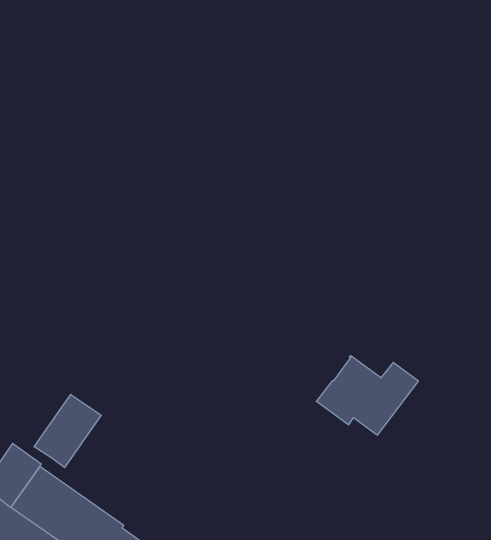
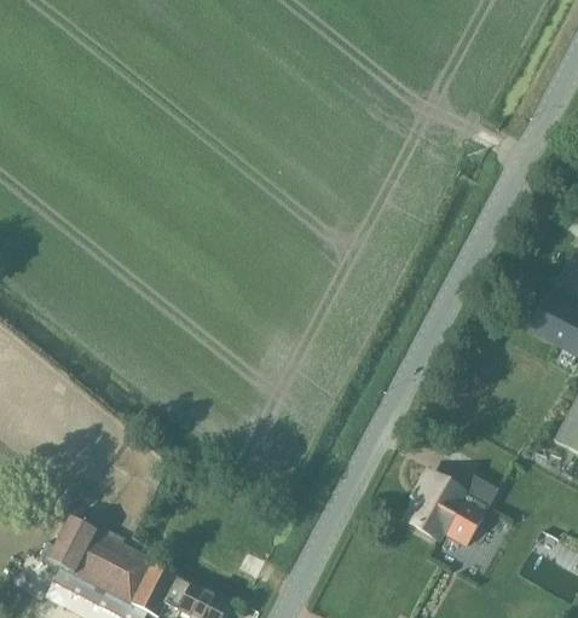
building: [316,356,418,435] -> [408,473,499,543]
building: [34,394,101,468] -> none

